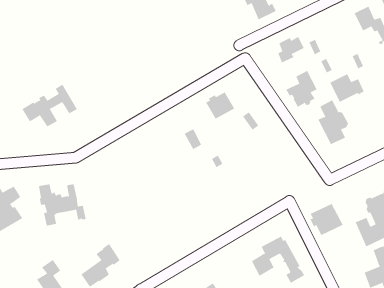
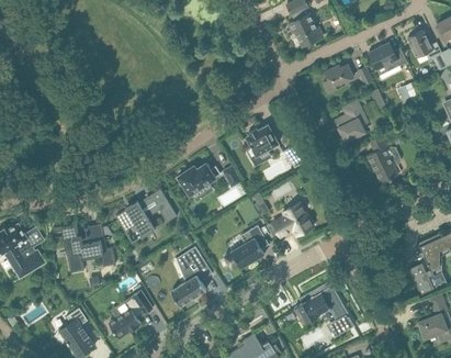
building: [329,73,365,103] -> [369,43,407,75]
building: [22,84,78,127] -> [115,189,177,236]
building: none -> [178,164,221,195]
building: none -> [272,202,314,237]
building: none -> [224,225,269,268]
building: none -> [171,246,213,306]
building: [310,203,343,236] -> none

